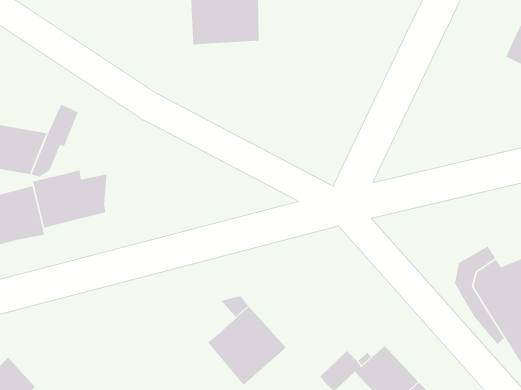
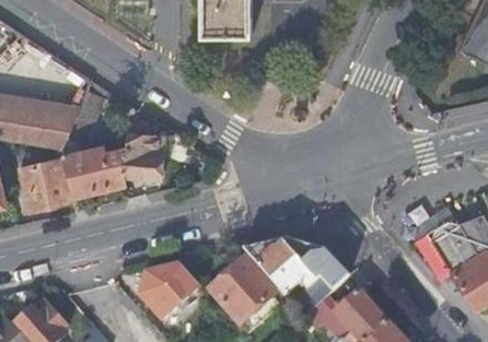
building: none -> [125,133,163,176]
building: none -> [244,238,349,317]
building: none -> [140,264,201,319]

